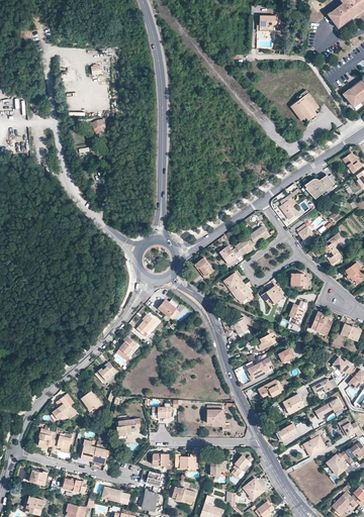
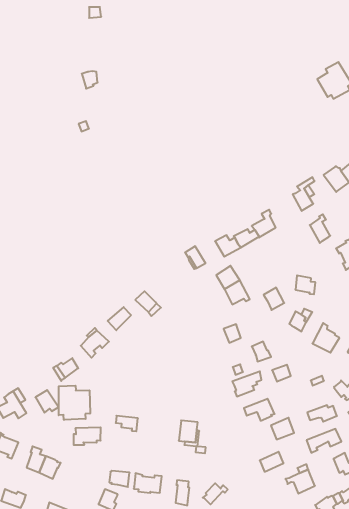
building: none -> [59,386,90,420]

